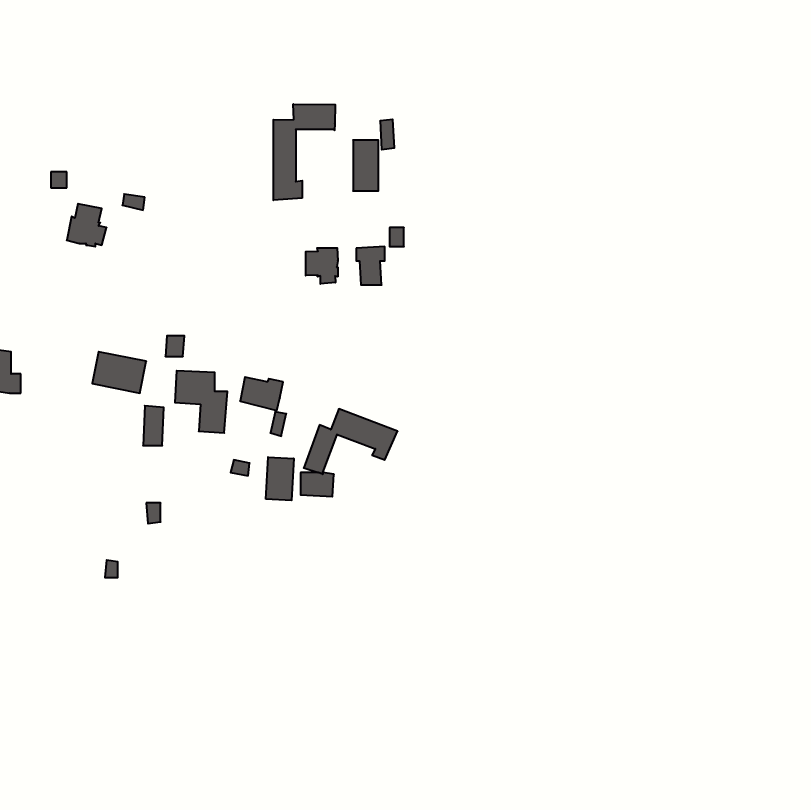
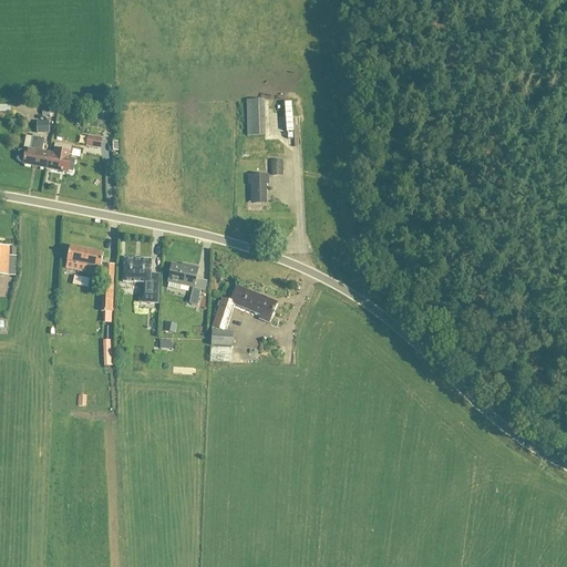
building: [273,104,335,200] -> none
building: none -> [17,134,50,167]
building: [306,248,338,284] -> none
building: [266,457,294,500] -> none

